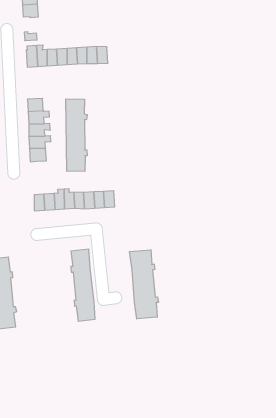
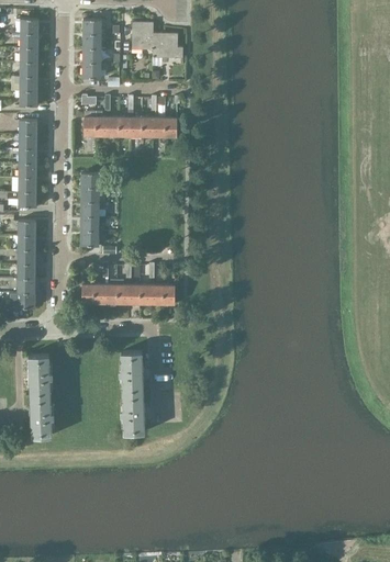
building: [66,99,87,171] -> none
building: [129,250,158,319] -> none

